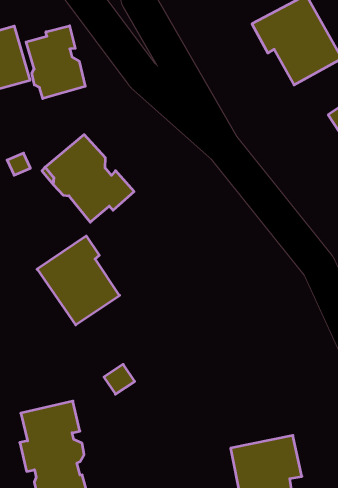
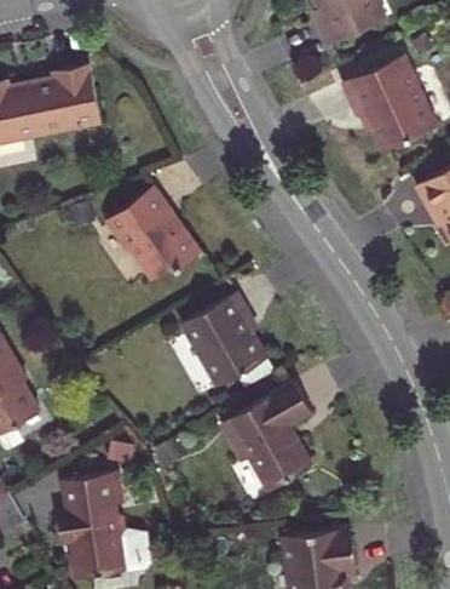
building: [26,26,85,99] -> none
building: [37,236,120,325] -> [181,292,267,387]
building: none -> [221,382,311,491]

